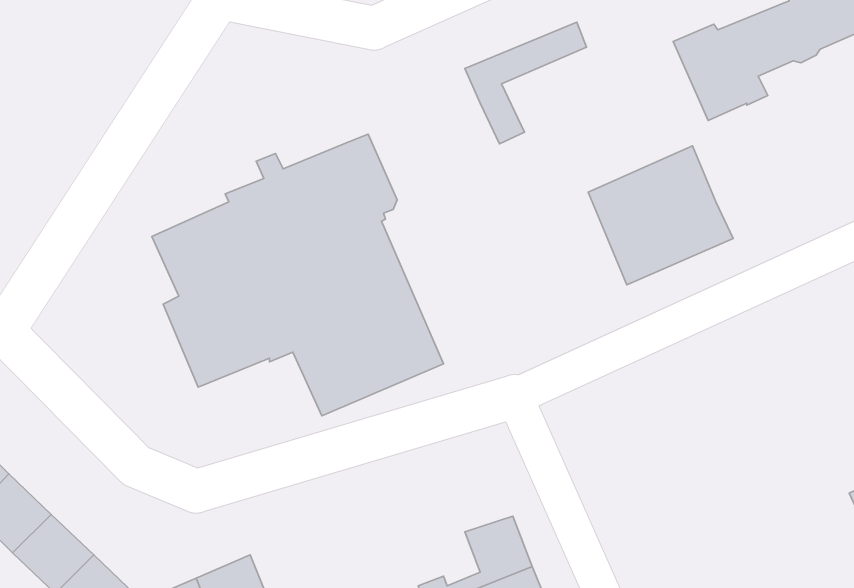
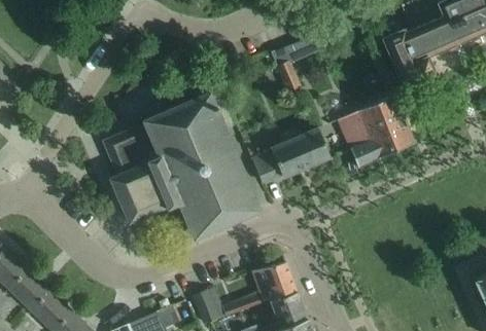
building: none -> [252,127,331,182]
building: none -> [229,262,297,312]
building: none -> [192,288,219,323]

